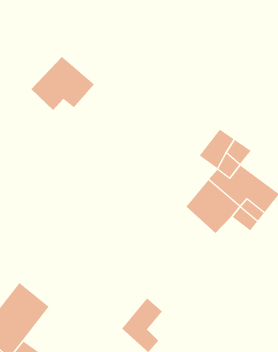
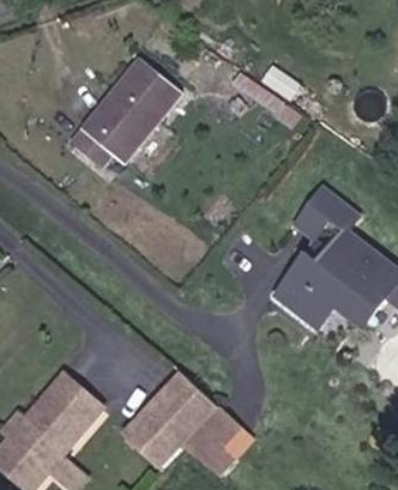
building: none -> [109,60,185,133]
building: none -> [123,365,217,462]

